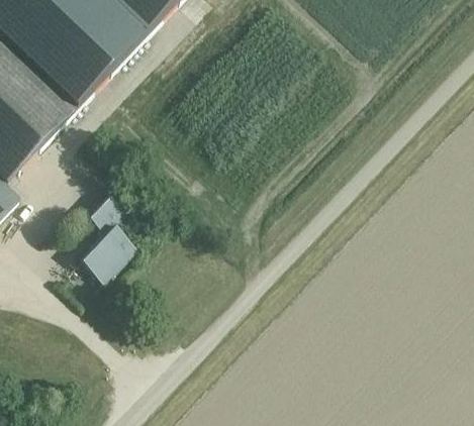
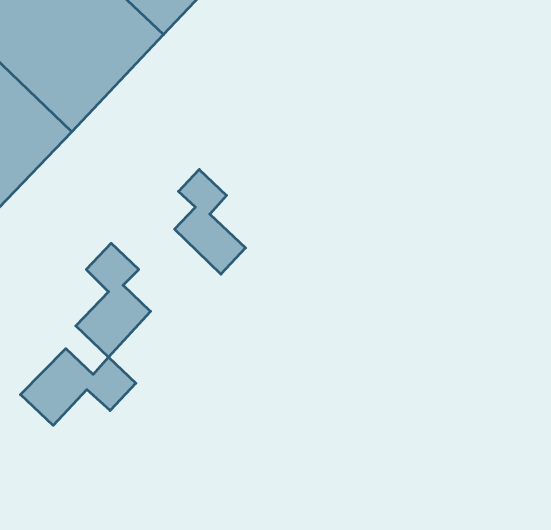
building: none -> [175,169,246,274]
building: none -> [20,349,136,425]

